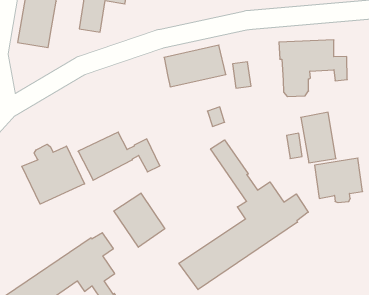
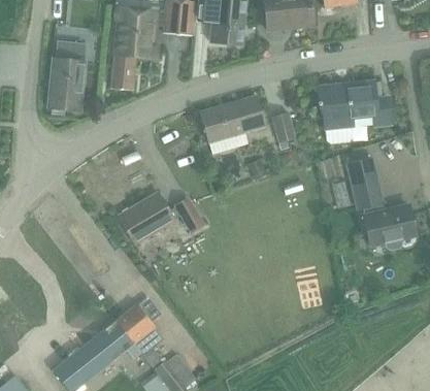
building: [179,140,308,290] -> none
building: [22,144,85,204] -> none
building: [114,193,165,247] -> none

